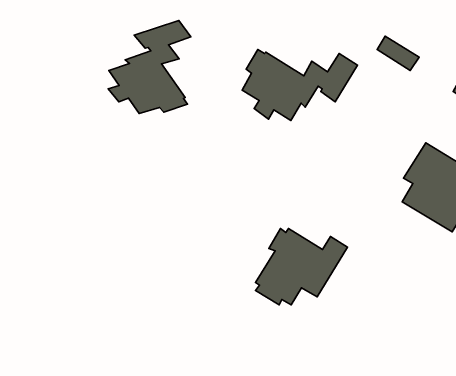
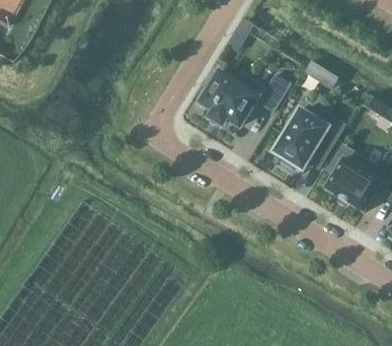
building: [108,20,191,113] -> none
building: [256,229,347,305] -> [273,110,344,168]

